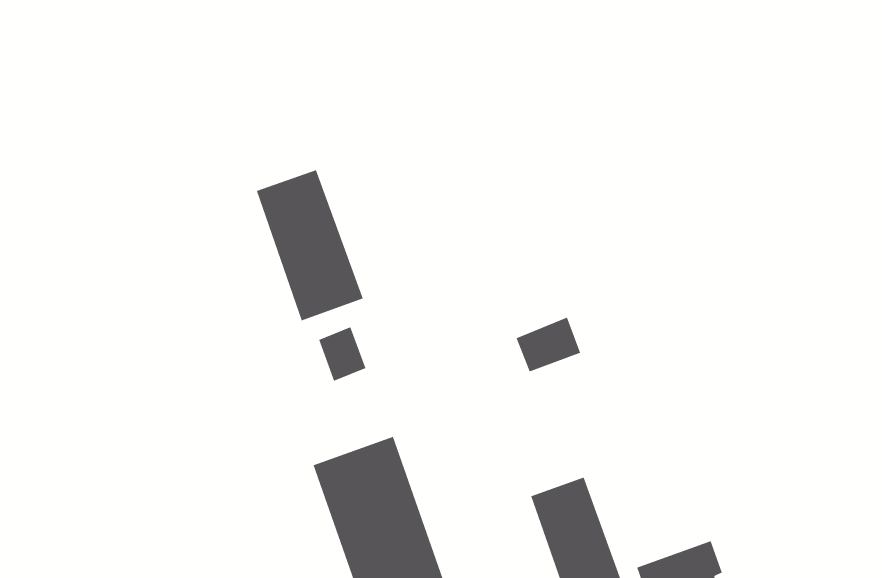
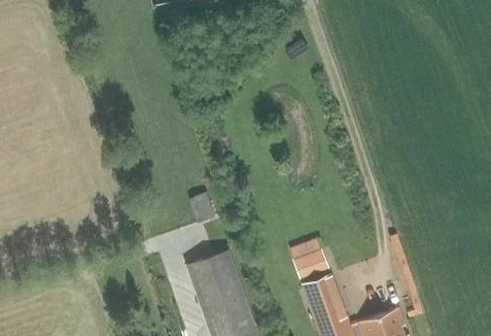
building: [256,169,364,322] -> none
building: [516,317,581,372] -> [293,249,328,279]

